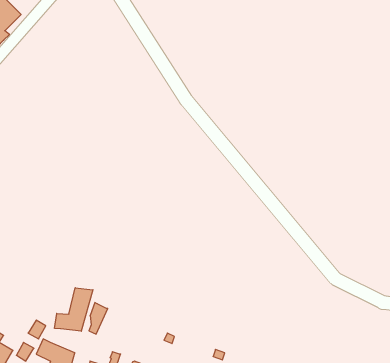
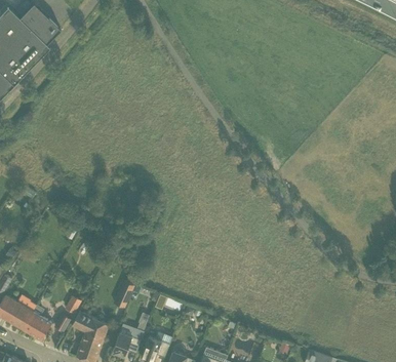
building: [55,288,93,331] -> none

